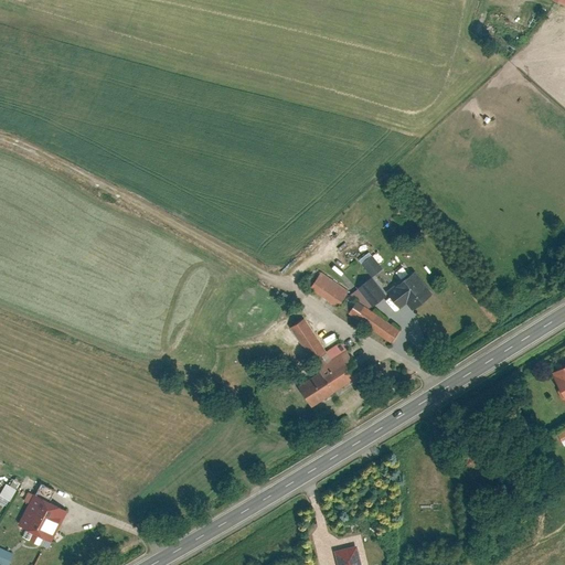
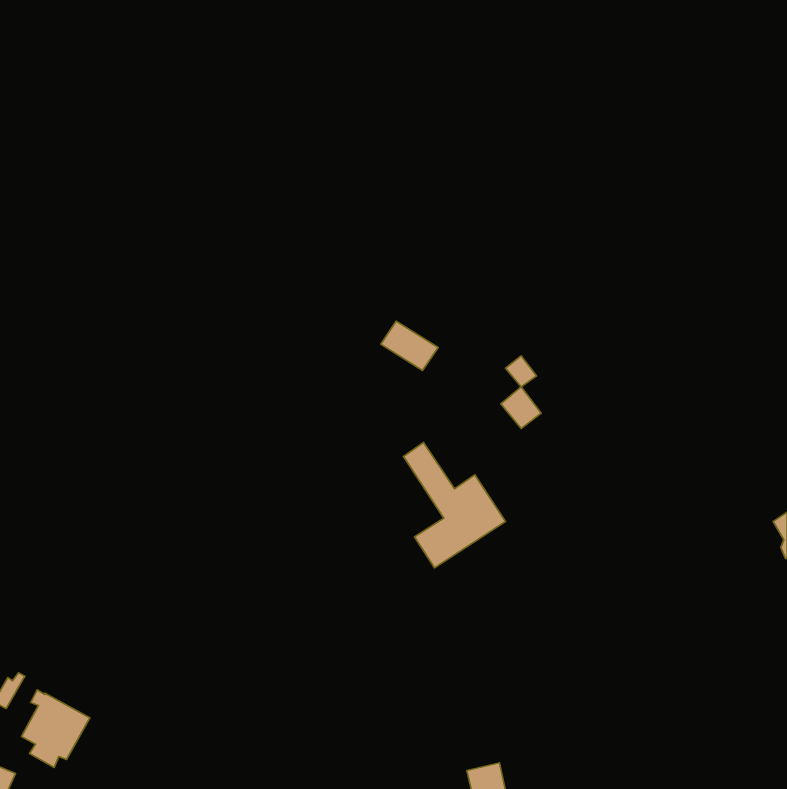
building: [386,270,434,311] -> none
building: [309,273,350,308] -> [381,321,438,371]
building: [348,300,398,343] -> none

